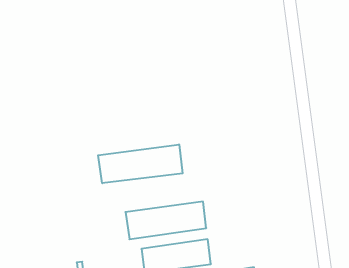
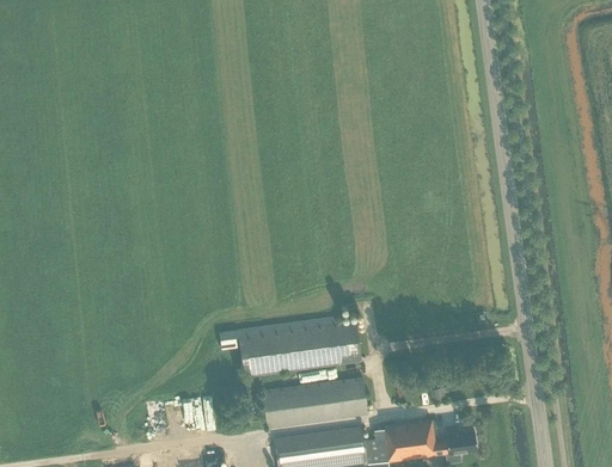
building: [98,144,183,183] -> none

